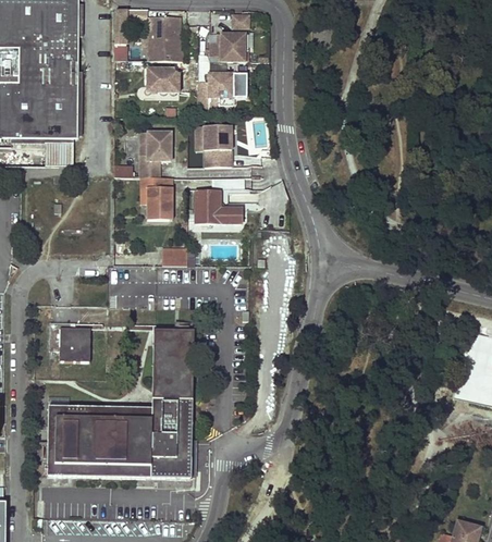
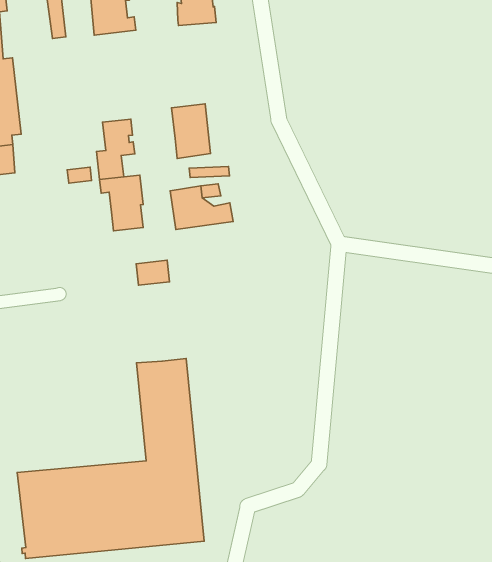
building: [147,67,180,91] -> none
building: [197,73,247,114] -> none
building: [48,320,89,359] -> none

